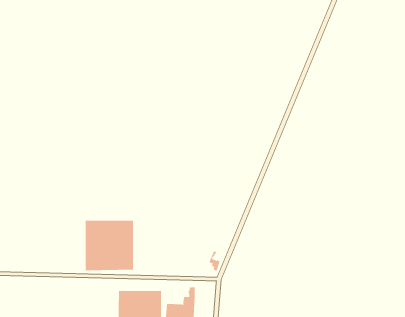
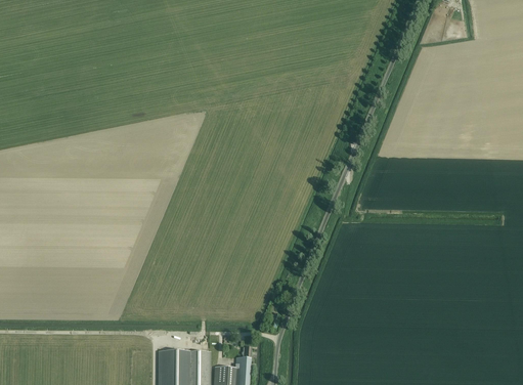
building: [85,220,134,271] -> none

